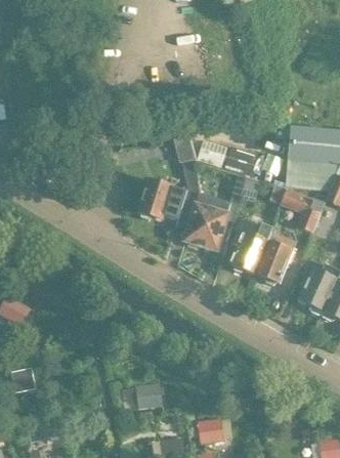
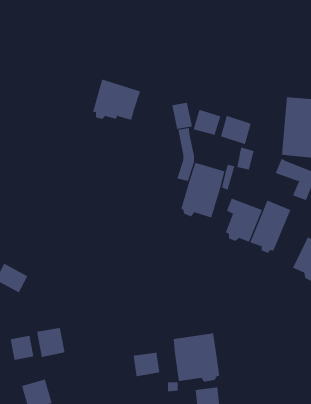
building: [138,178,187,220] -> [92,79,141,121]
building: none -> [36,327,65,358]
building: none -> [173,333,220,383]

